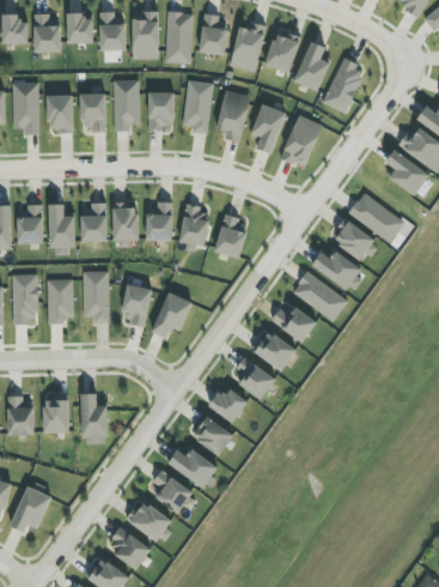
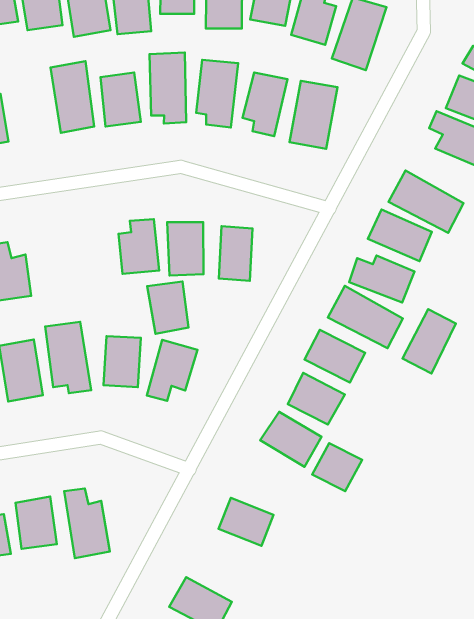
building: [79,93,108,132] -> none
building: [80,205,106,242] -> none
building: [111,205,138,241] -> [147,281,189,334]
building: none -> [402,309,456,374]
building: [209,386,248,423] -> [312,443,362,491]
building: [167,448,218,489] -> none

